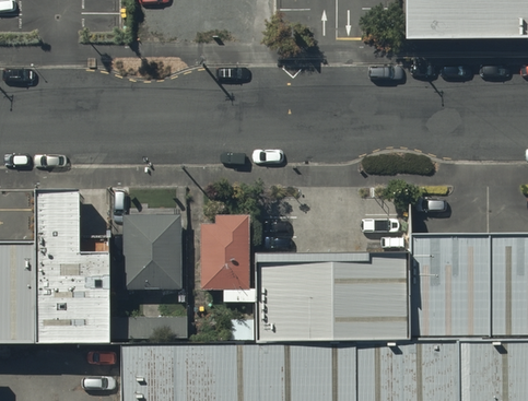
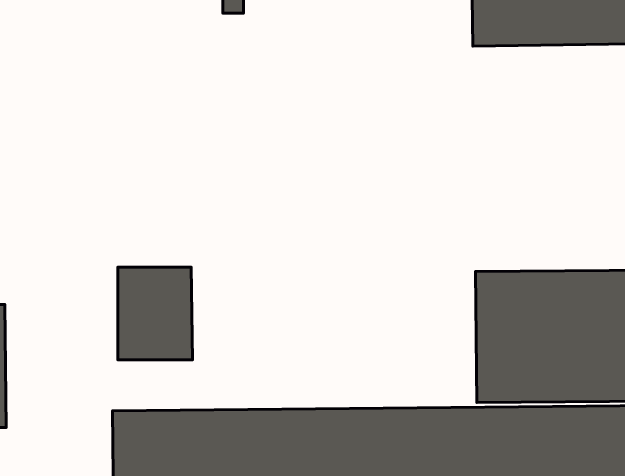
building: [38,196,113,351] -> none
building: [199,233,247,300] -> none
building: [256,245,403,332] -> none

